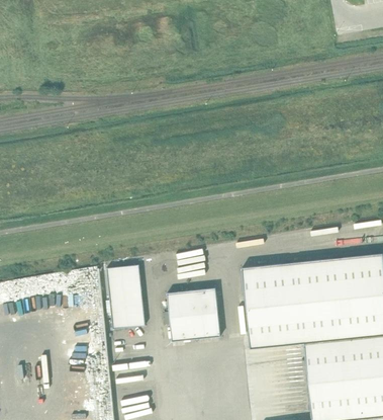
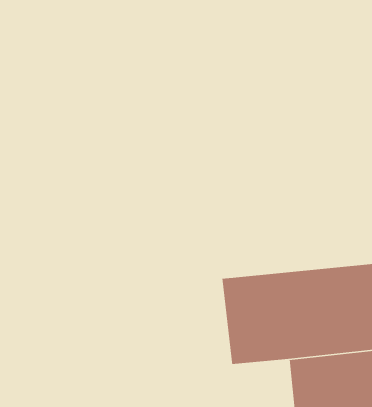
building: [107,264,146,329] -> none
building: [163,287,220,341] -> none

